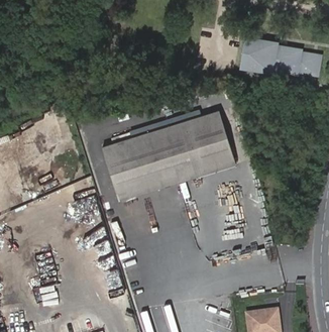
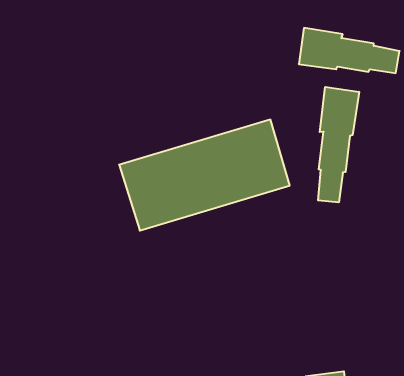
building: none -> [318,87,359,202]

